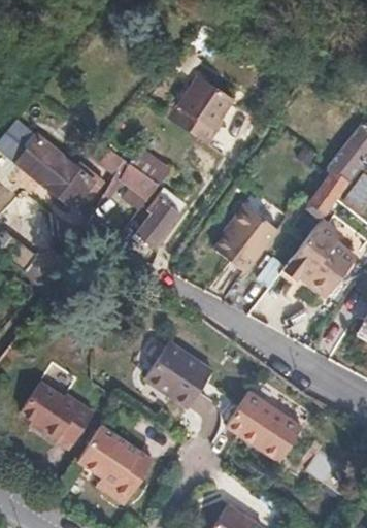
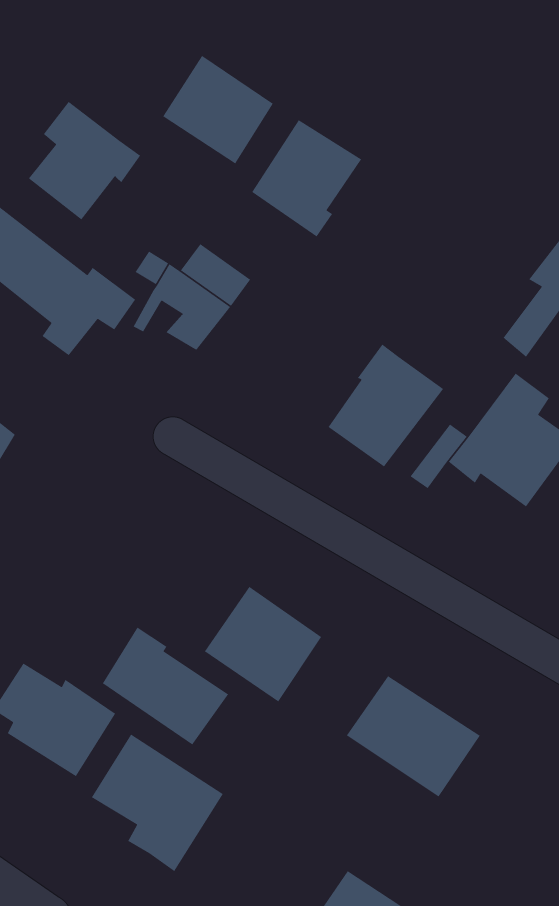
building: none -> [162,55,274,164]
building: none -> [28,101,141,220]
building: [137,190,184,246] -> none
building: none -> [102,627,229,745]

